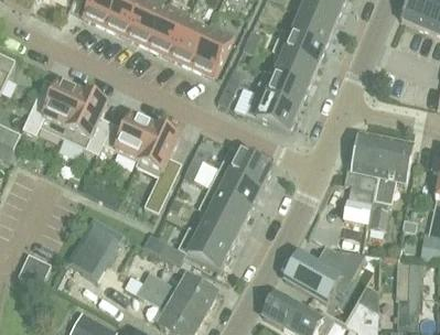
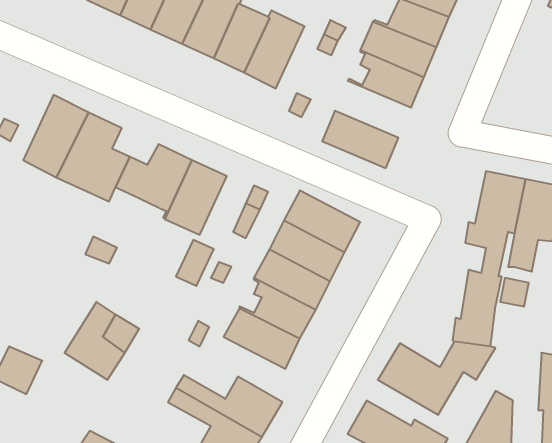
building: [254,71,307,110] -> none

